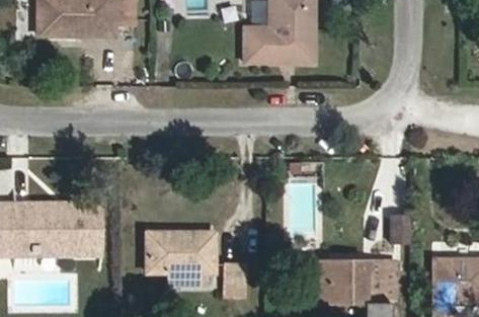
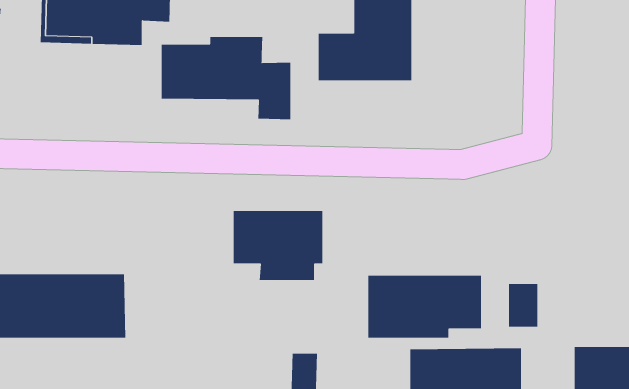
building: none -> [161,36,291,120]
building: none -> [368,275,481,338]
building: [147,232,214,284] -> [233,211,323,280]

